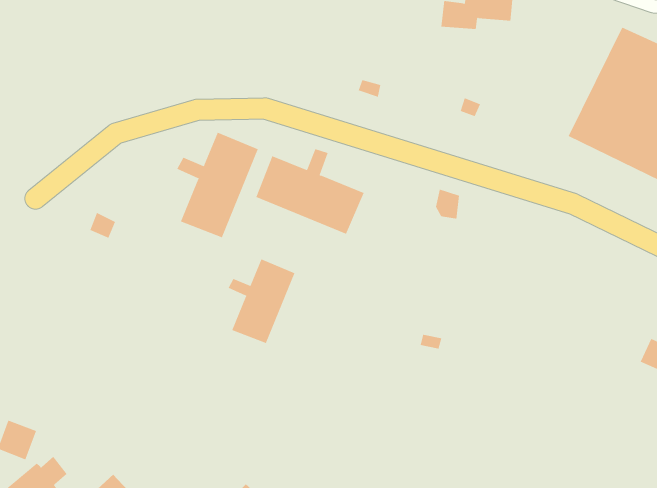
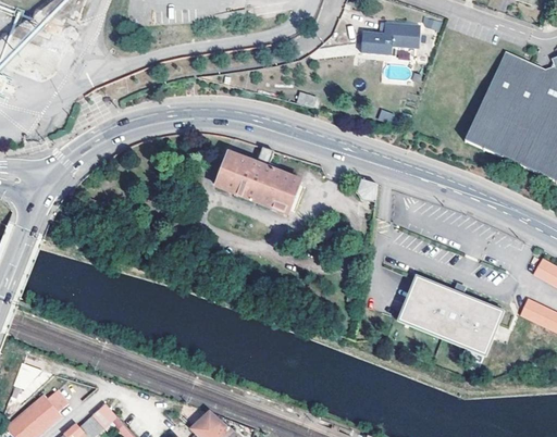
building: [176,132,259,238] -> none
building: [228,259,295,344] -> none
building: none -> [398,276,502,354]

